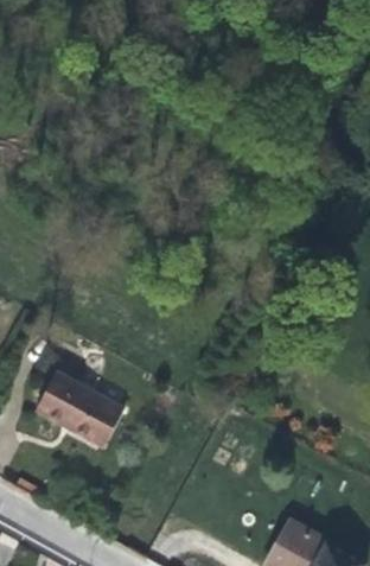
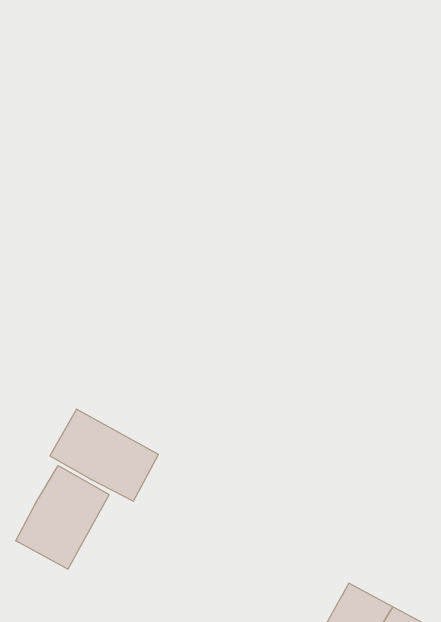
building: none -> [16,466,109,569]

